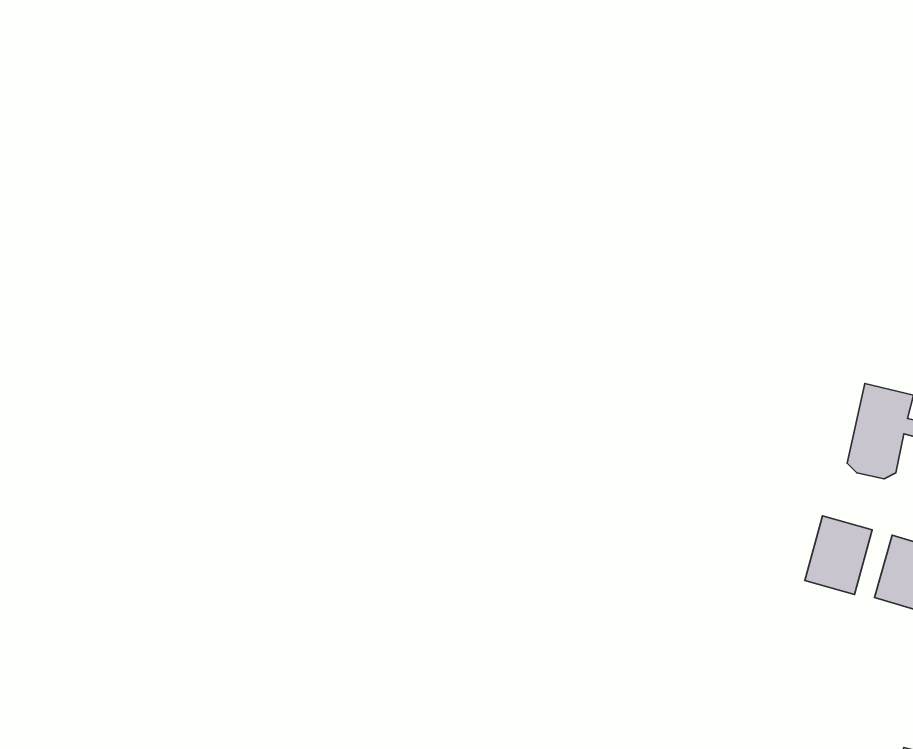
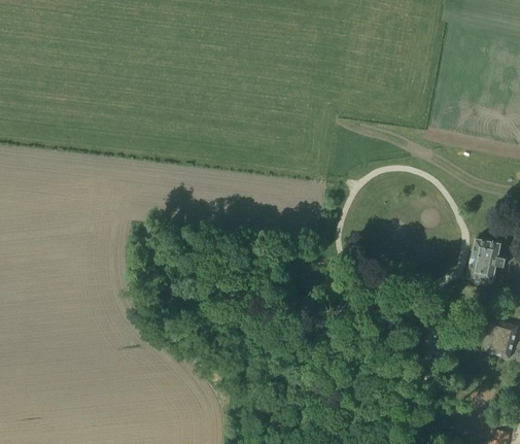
building: [805,516,872,594] -> none

